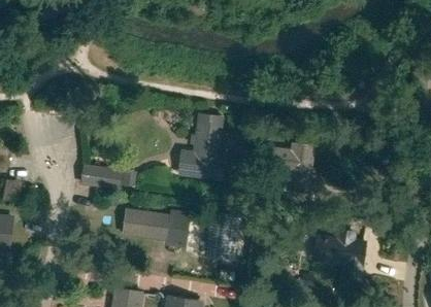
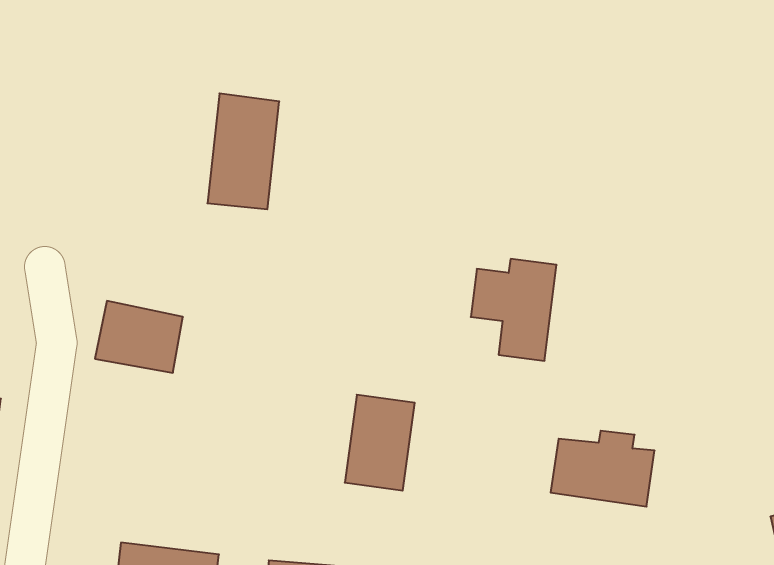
building: [186,114,223,174] -> [207,93,279,209]
building: [125,209,193,249] -> none

